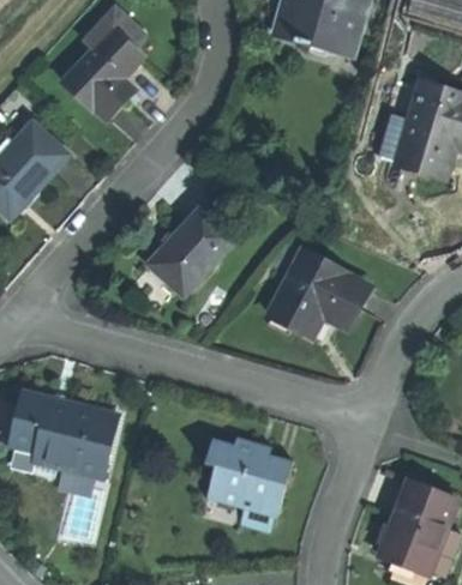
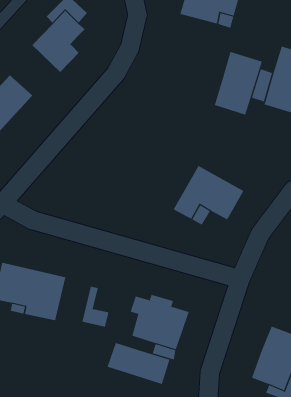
building: none -> [214,51,262,116]
building: [149,206,234,294] -> none
building: none -> [82,286,109,328]
building: none -> [107,342,170,385]

